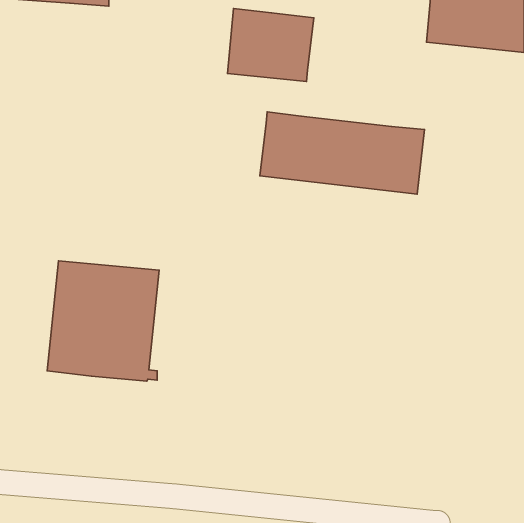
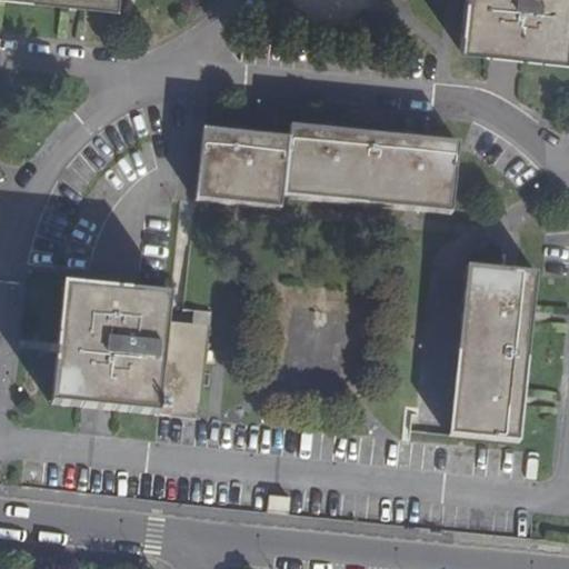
building: [227,9,314,82] -> [194,123,288,202]
building: none -> [449,264,540,440]

